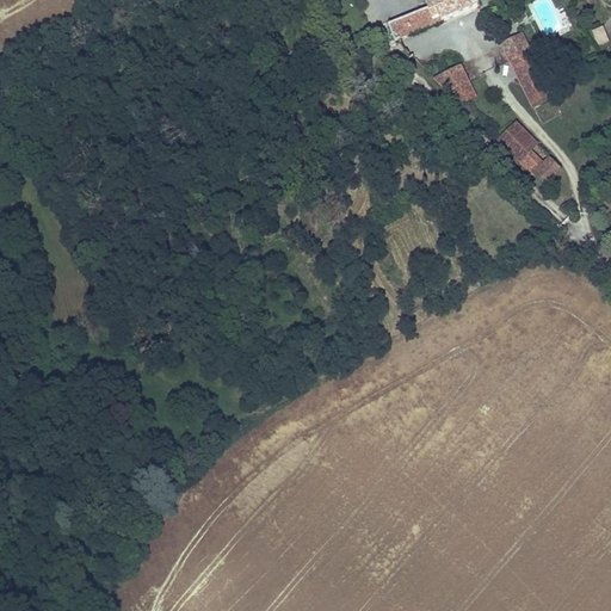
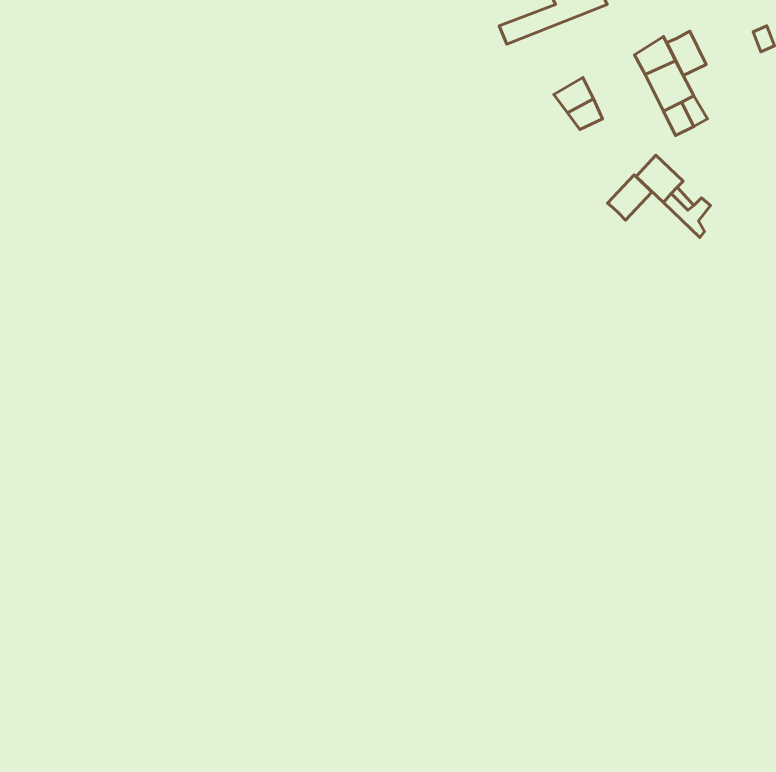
building: none -> [667,31,706,76]
building: none -> [608,175,652,220]

